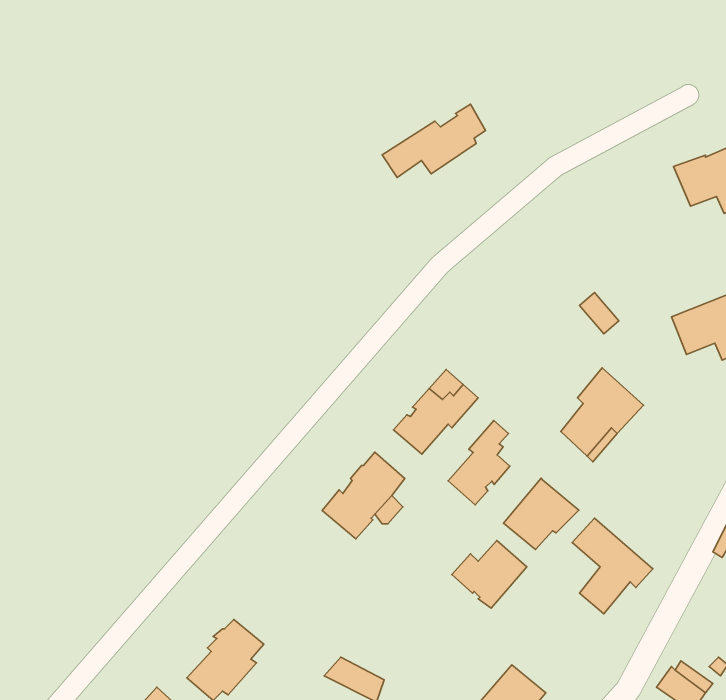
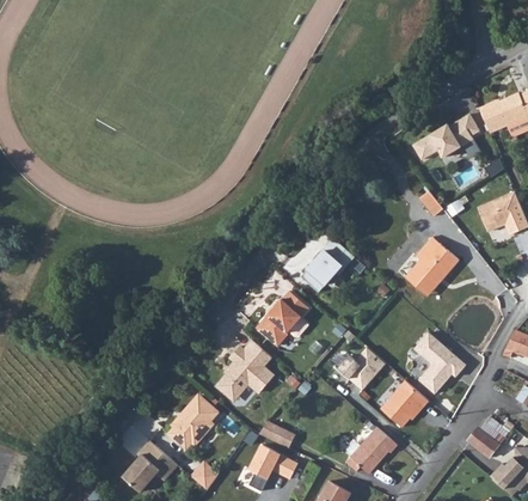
building: [382,104,486,177] -> [411,110,477,157]
building: [448,421,510,505] -> none
building: [504,478,579,550] -> [380,380,428,426]
building: none -> [217,340,272,397]

